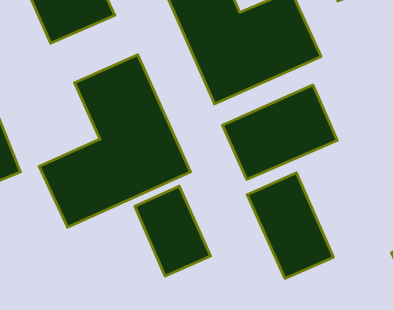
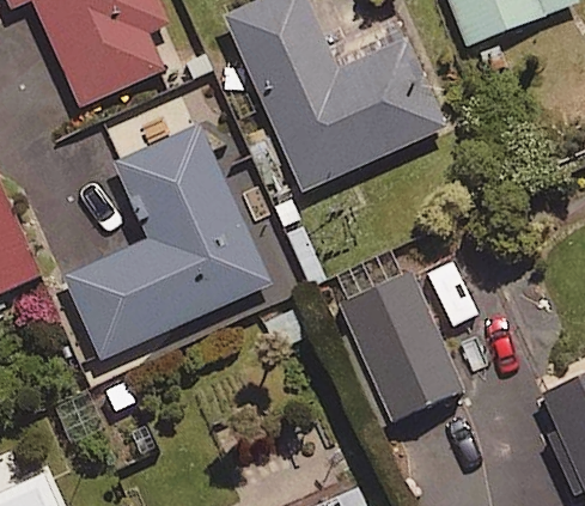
building: [223,85,337,179] -> none
building: [135,186,211,276] -> none

